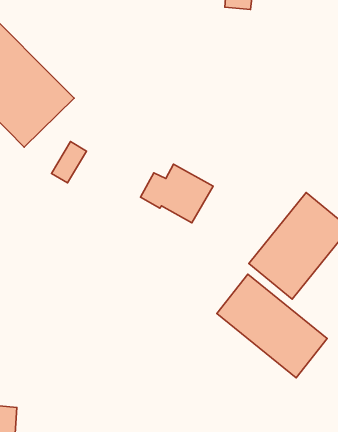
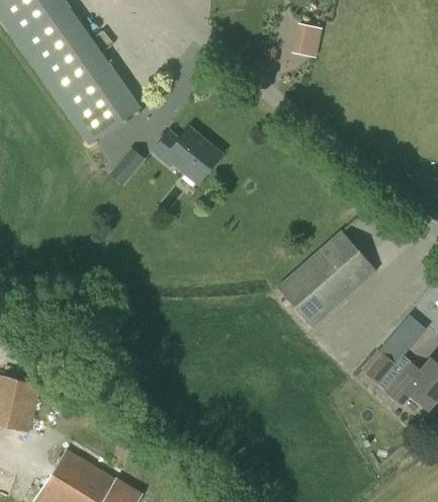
building: [140,164,213,223] -> [154,127,223,183]
building: [217,274,327,378] -> none

